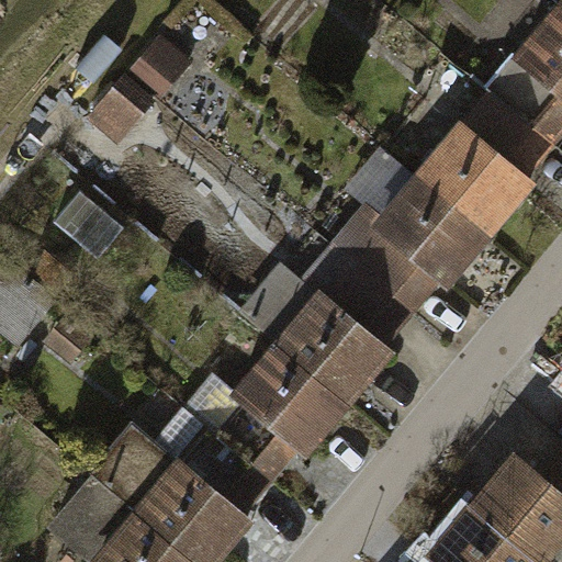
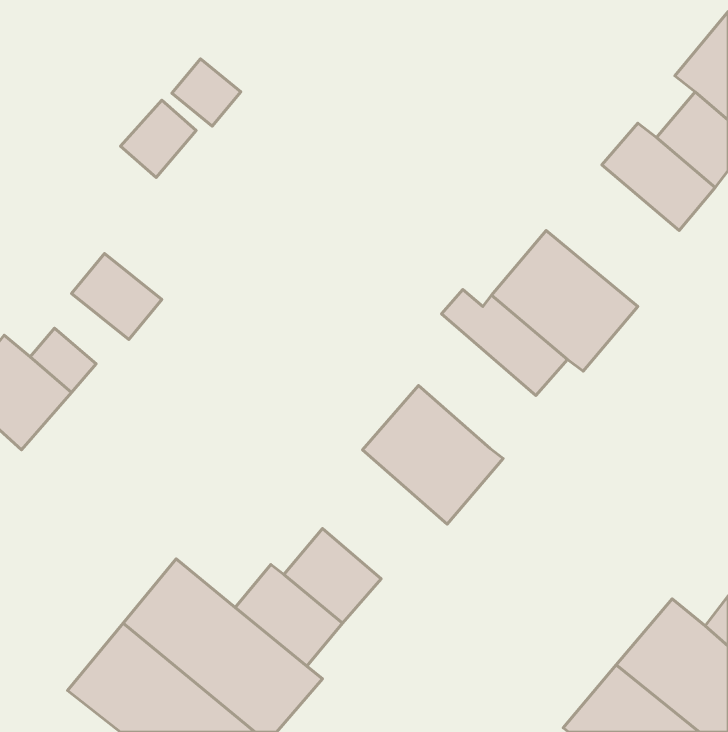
building: [418,126,530,235] -> none
building: [311,240,411,344] -> none
building: [235,345,342,450] -> none

